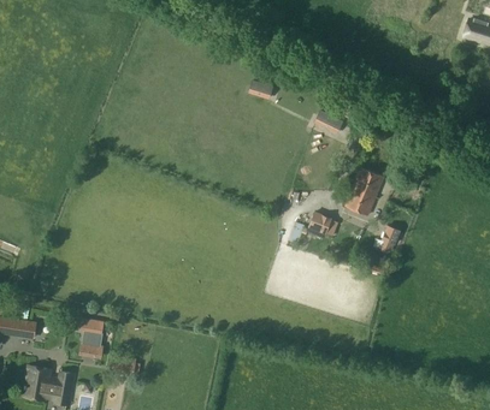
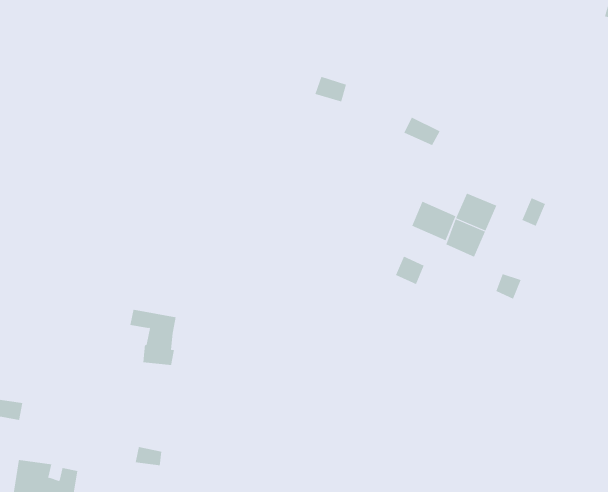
building: none -> [412,201,456,241]
building: [70,316,105,358] -> [130,309,177,366]

